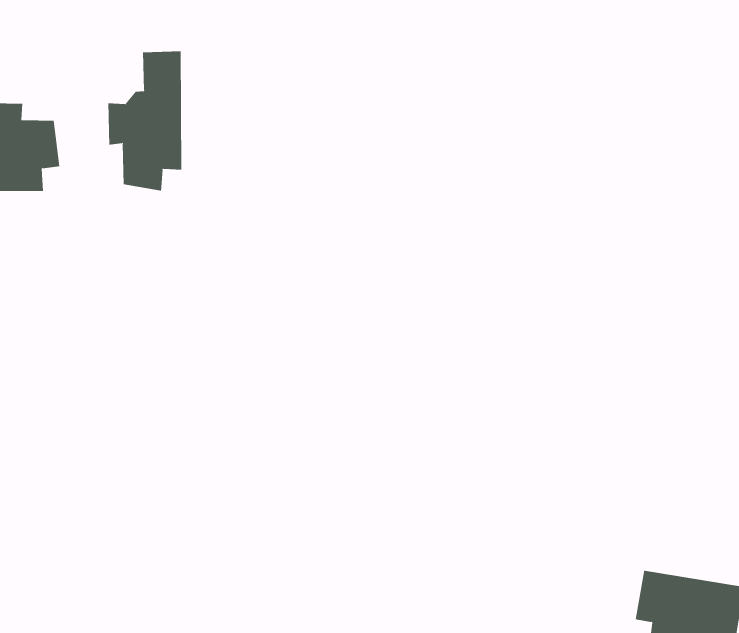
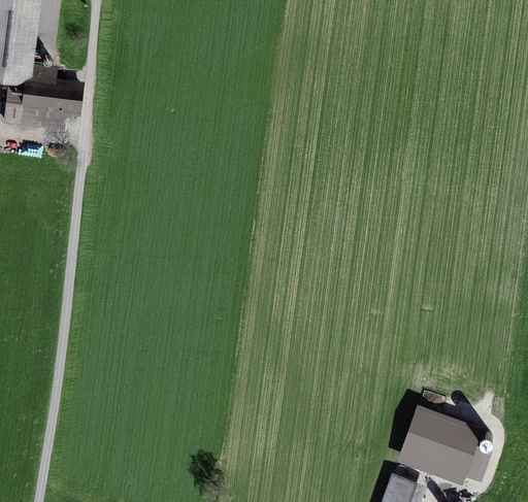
building: [108,50,182,191] -> none

